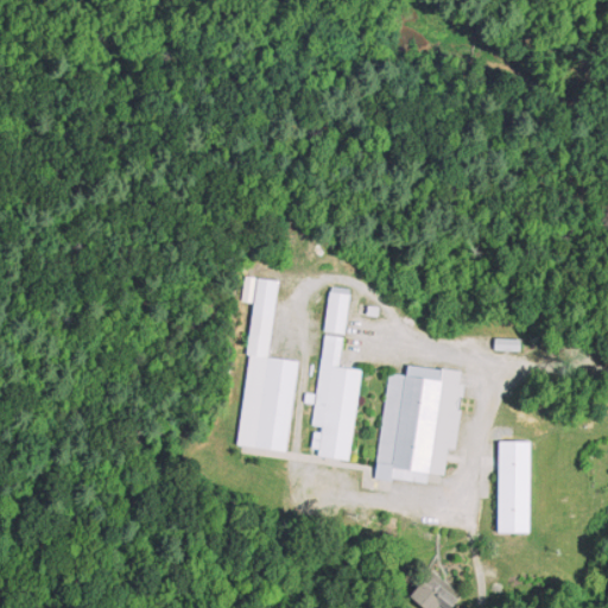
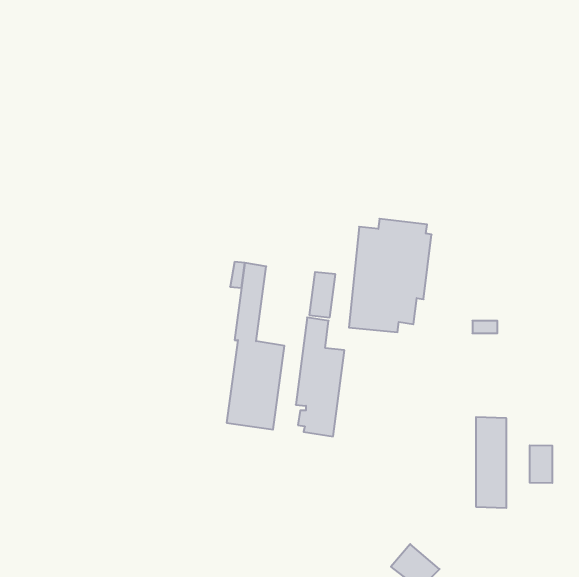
building: [375,363,462,482] -> [349,219,432,332]
building: none -> [530,445,552,483]

